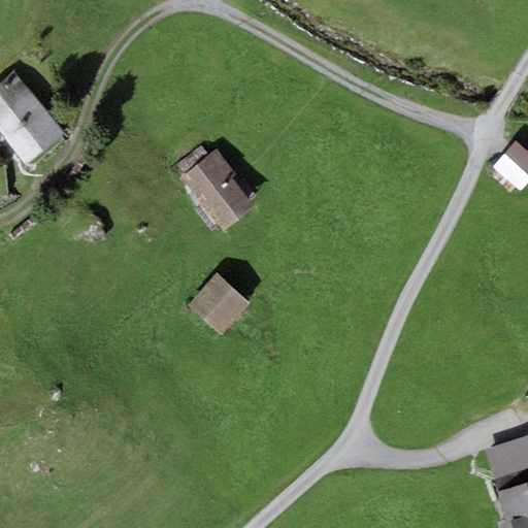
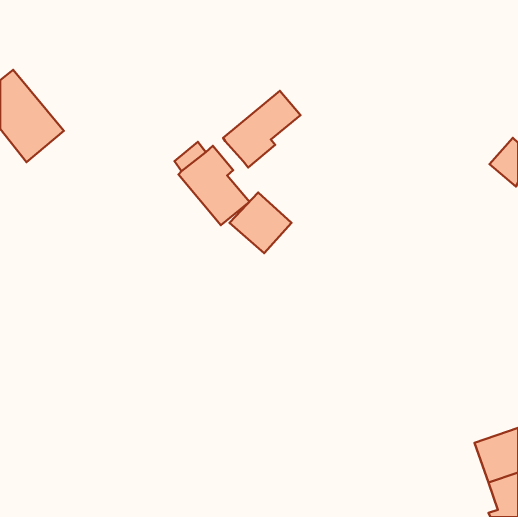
building: none -> [223,91,301,167]
building: [187,272,250,334] -> [230,192,291,253]

